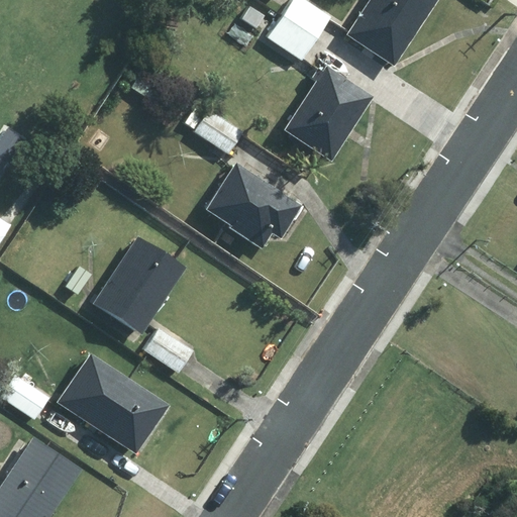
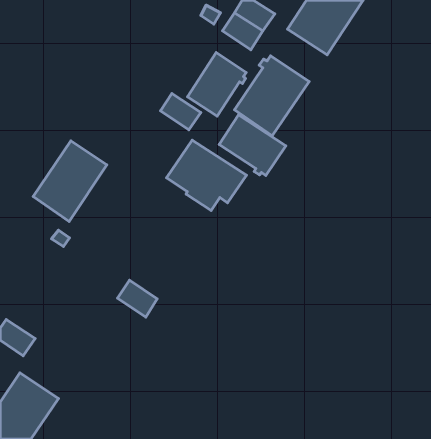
building: none -> [187,52,246,116]
building: none -> [219,115,286,176]
building: [96,237,183,332] -> [33,141,107,221]
building: [59,355,165,452] -> none

